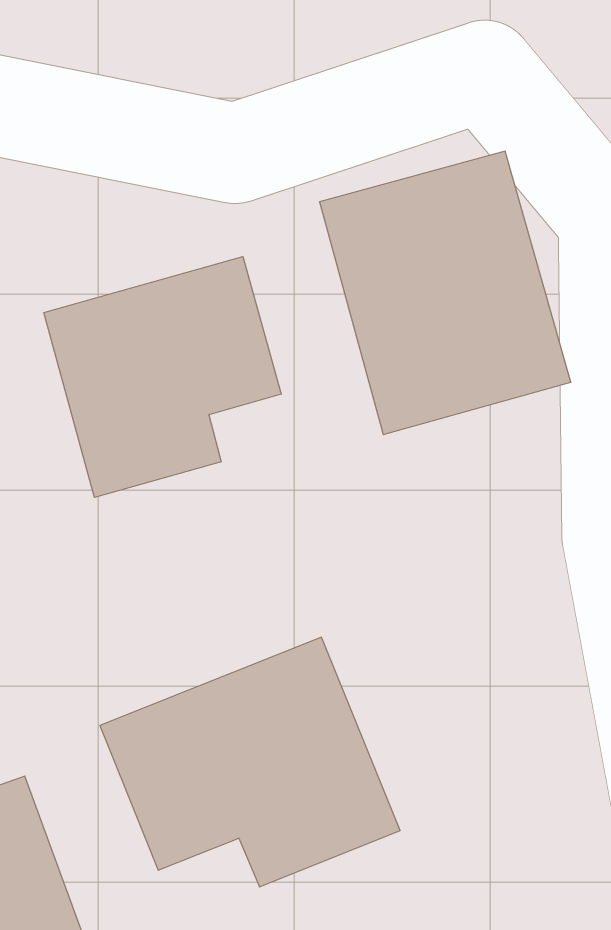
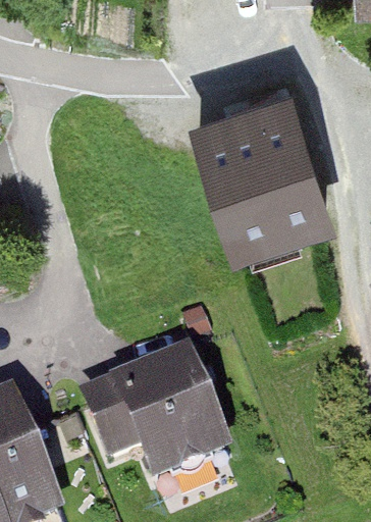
building: [44,257,281,497] -> none

